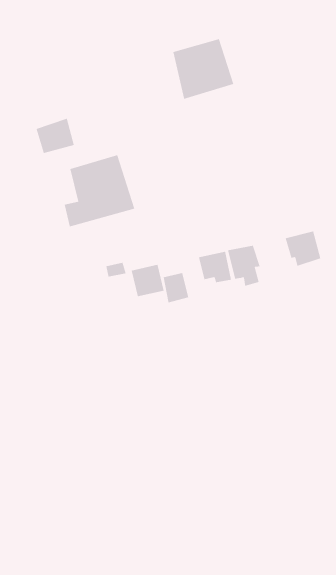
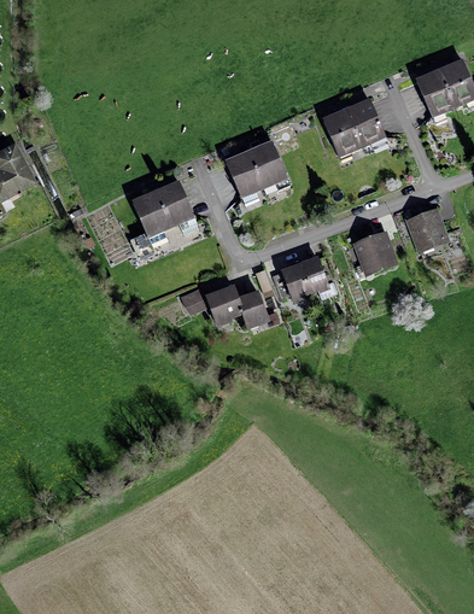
building: [173,38,234,99] -> [226,141,291,206]
building: none -> [322,99,381,153]
building: [36,118,75,154] -> none

